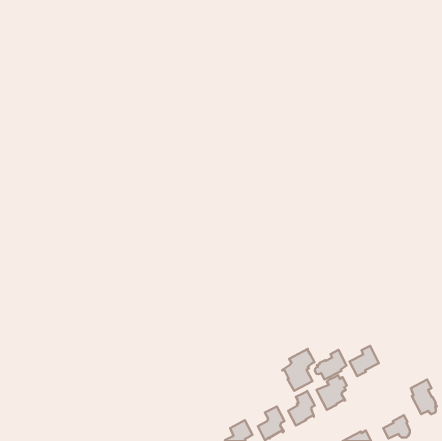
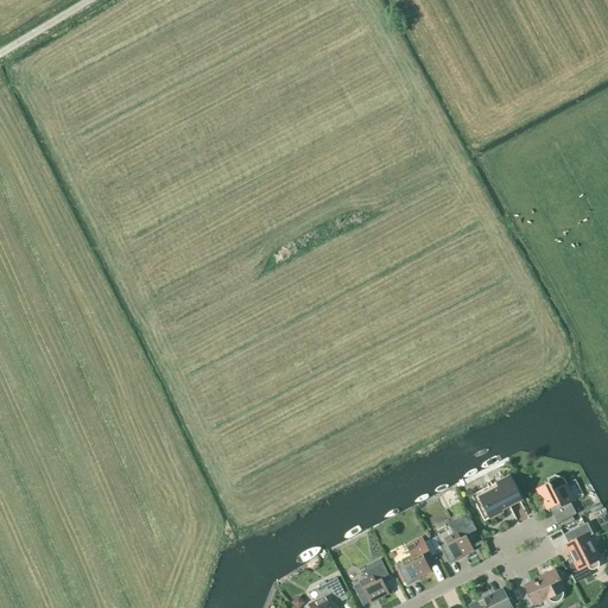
building: none -> [537,474,576,522]
building: [282,349,315,391] -> none
building: [315,350,346,380] -> none

